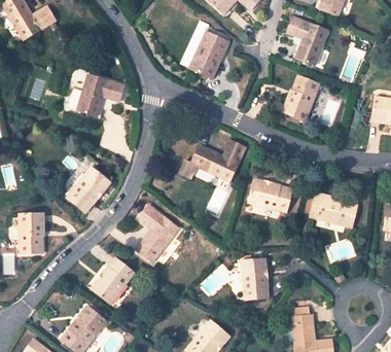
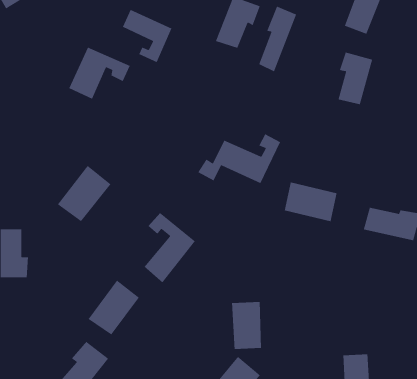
building: none -> [258,5,297,73]
building: none -> [122,9,172,63]
building: [245,259,270,298] -> [231,301,262,350]

